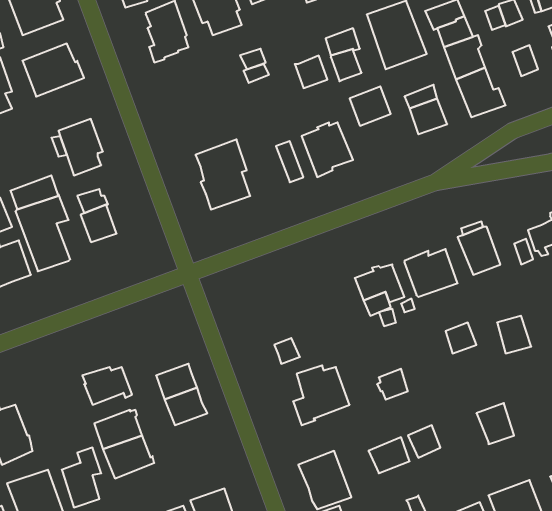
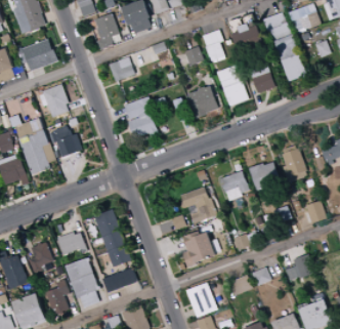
building: none -> [108,56,134,81]
building: none -> [222,80,248,106]
building: none -> [179,187,214,223]
building: none -> [93,208,120,237]
building: none -> [29,242,52,272]
building: none -> [101,266,137,292]

